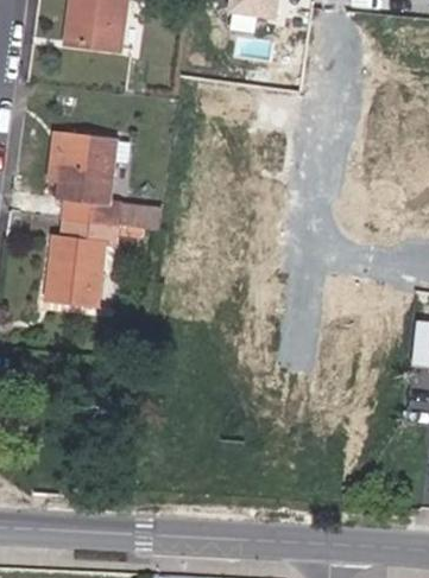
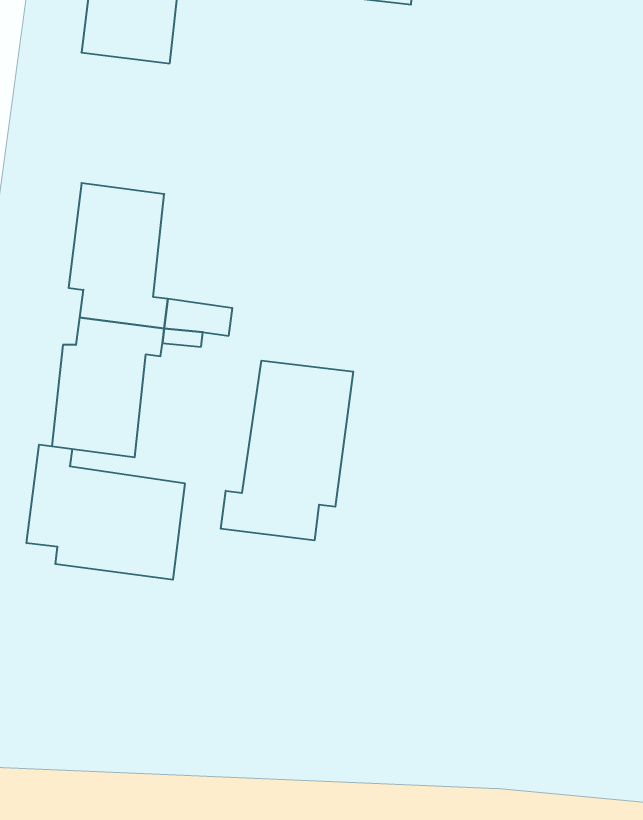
building: none -> [221,361,353,540]
building: none -> [27,445,185,580]

